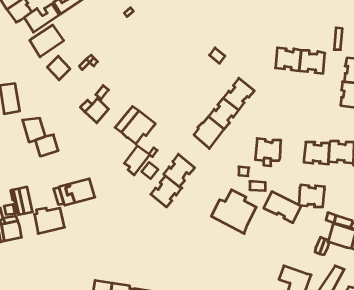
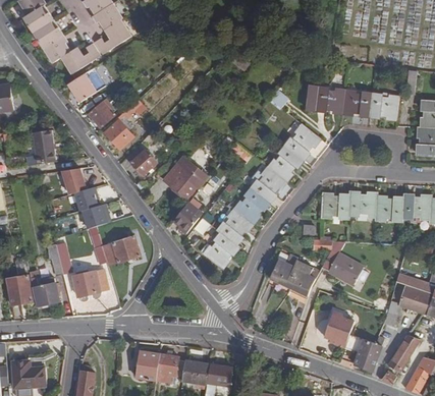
building: none -> [305,88,343,114]
building: none -> [104,120,132,149]
building: none -> [233,188,268,225]
building: none -> [81,205,110,230]
building: [299,185,325,207] -> [346,191,375,216]
building: none -> [324,307,358,348]

